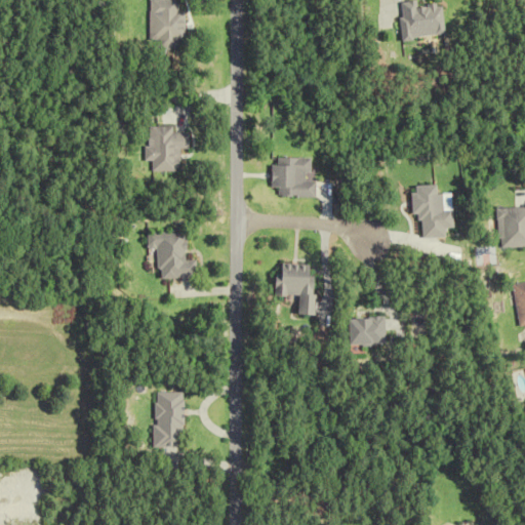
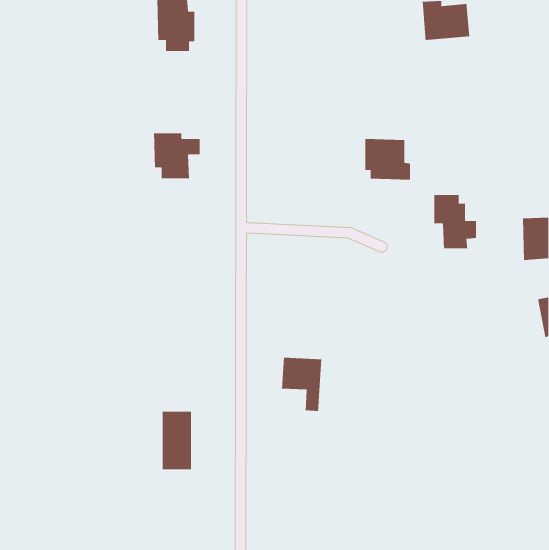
building: [272,157,316,197] -> [364,138,411,180]
building: [147,231,199,278] -> none
building: [278,262,317,315] -> [281,357,322,412]
building: [353,317,387,345] -> none

